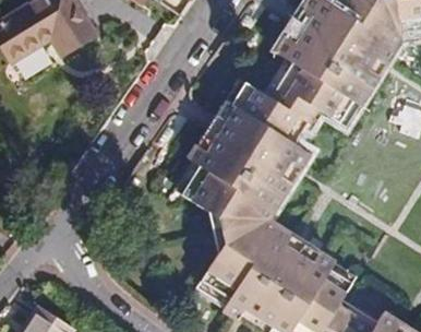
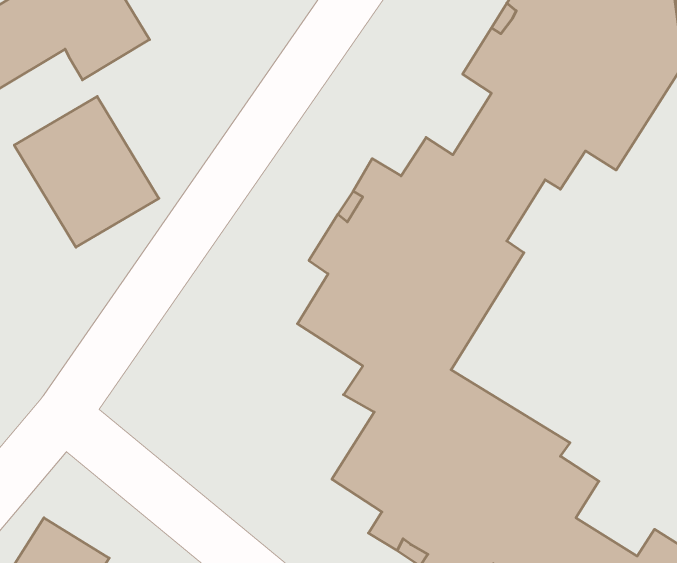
building: none -> [14,96,159,247]

